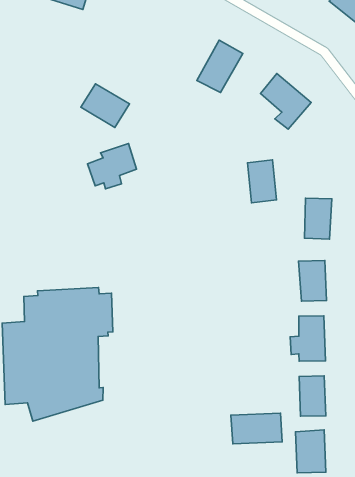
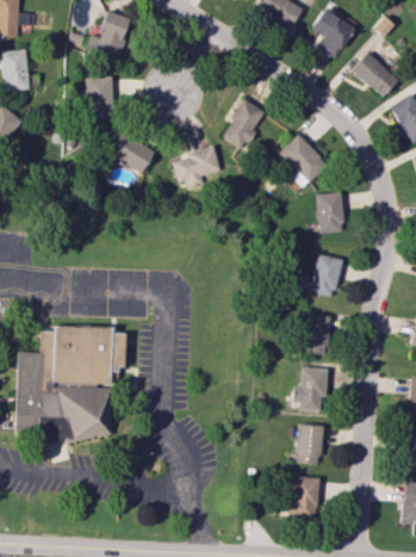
building: none -> [86,76,112,119]
building: [87,143,137,189] -> [173,146,219,187]
building: [248,160,276,203] -> [318,193,343,233]
building: [231,413,282,444] -> none

